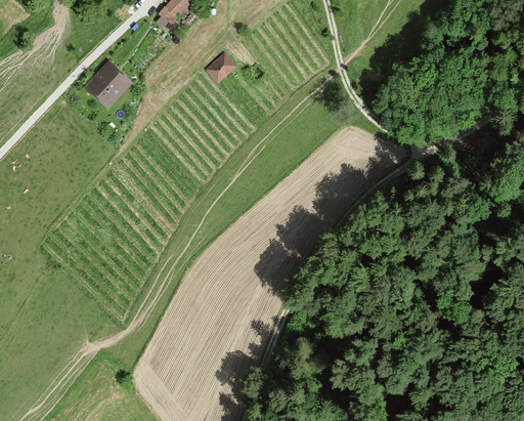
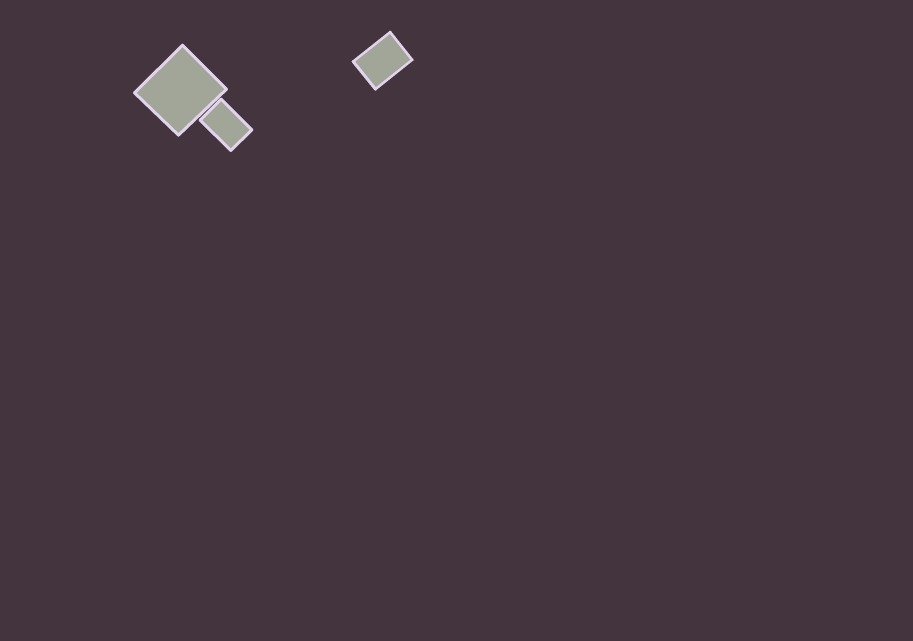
building: none -> [200,99,252,151]

